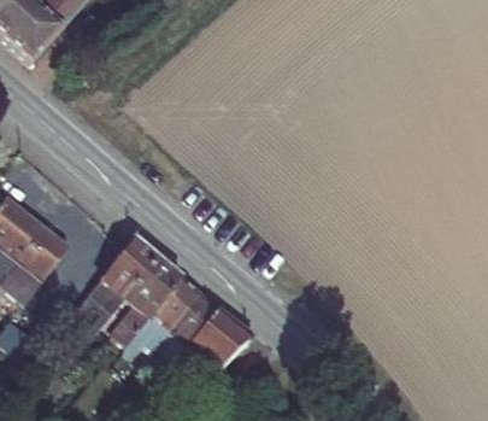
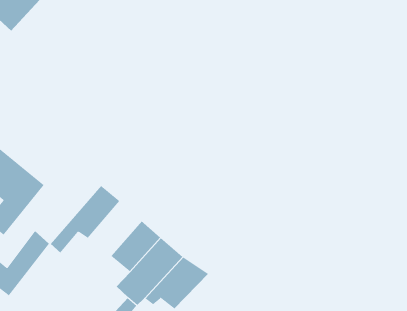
building: [106,256,178,346] -> none

